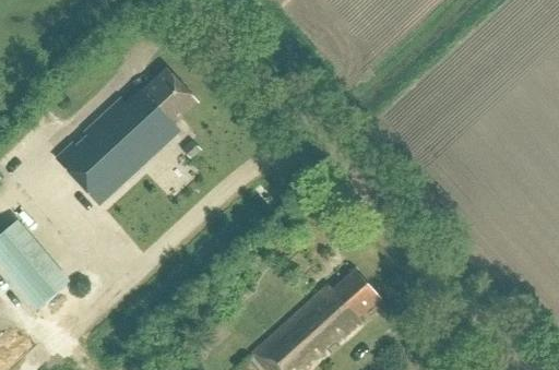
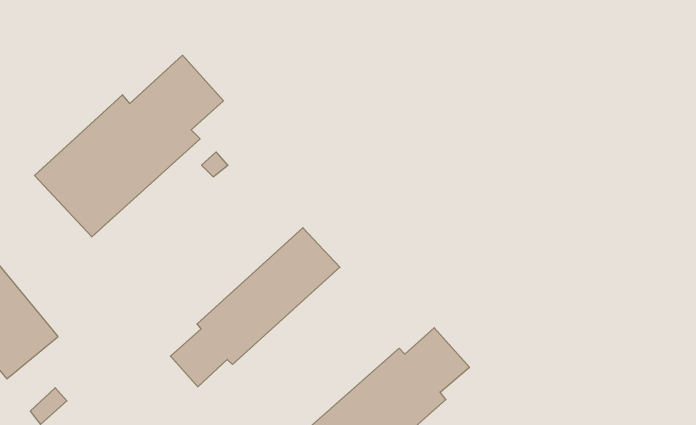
building: none -> [170,228,340,387]

